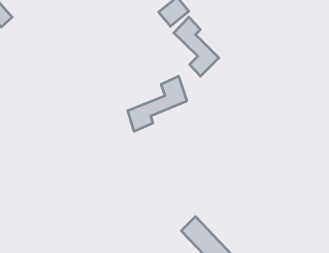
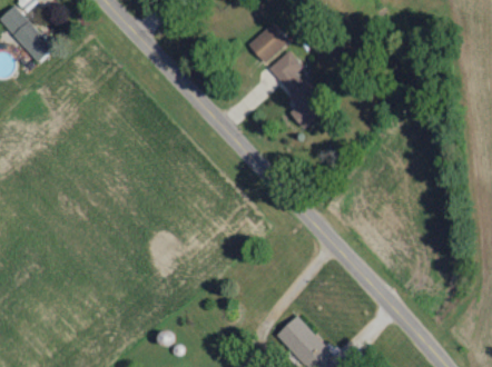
building: [128,76,187,131] -> none

